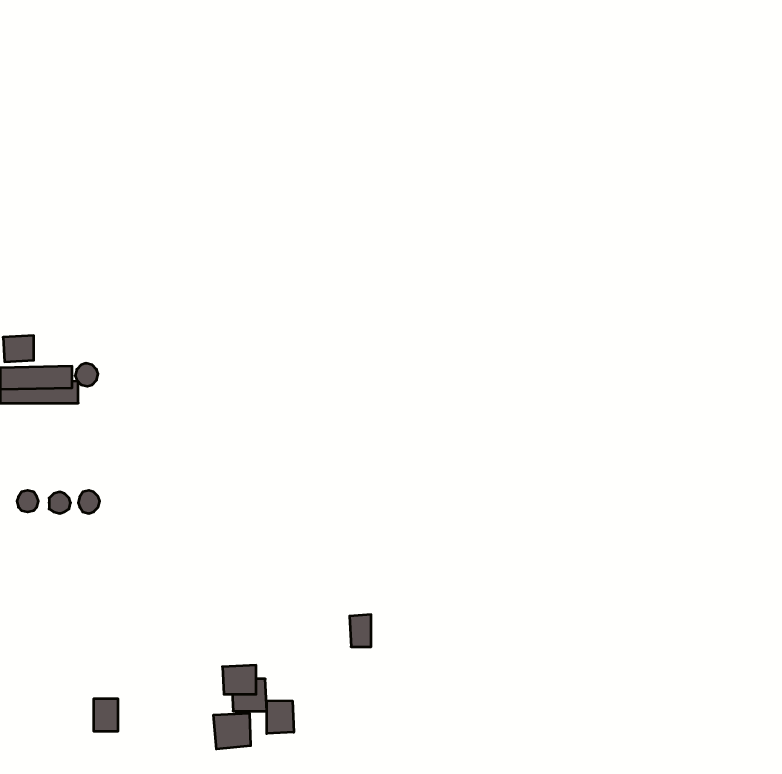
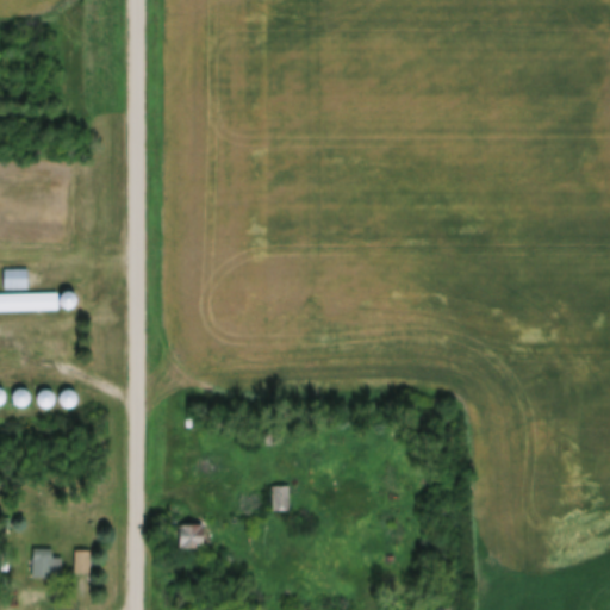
building: none -> [32,548,62,575]
building: [267,701,294,734] -> none
building: [214,713,251,749] -> none

